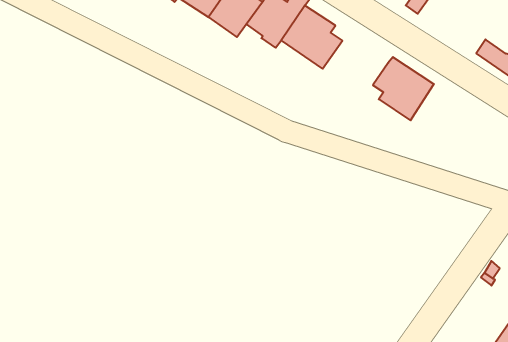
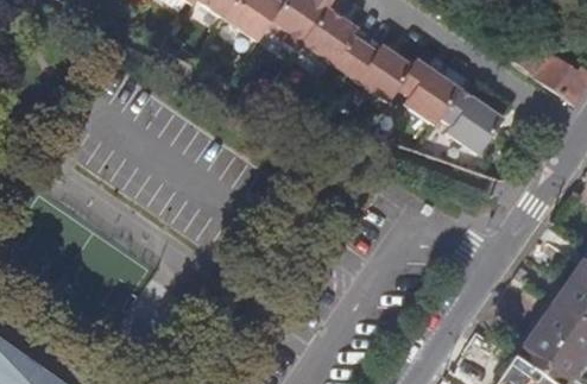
building: none -> [343,43,410,100]
building: none -> [437,87,500,152]

